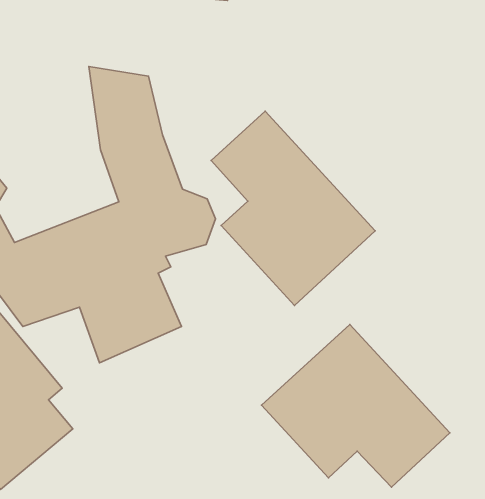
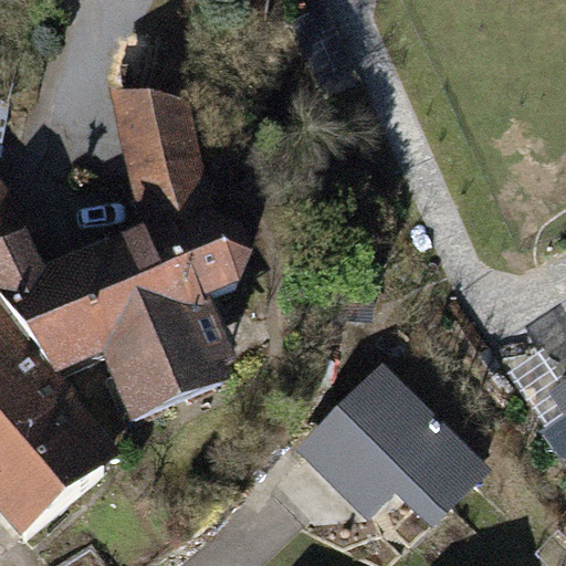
building: [211,111,375,305] -> none

